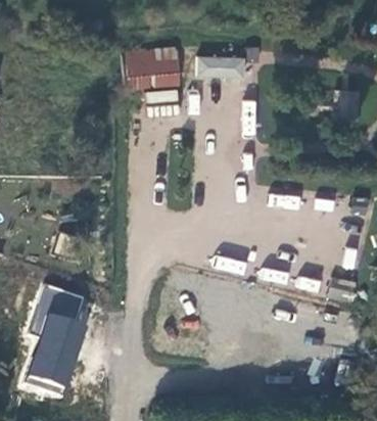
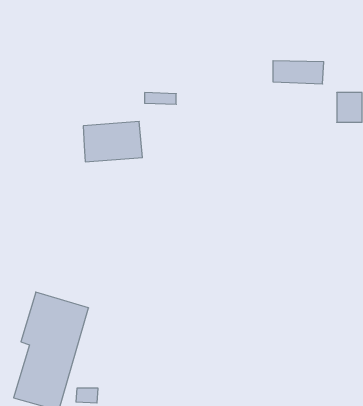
building: [122,49,179,88] -> [83,122,142,162]
building: [196,55,245,78] -> [273,61,324,84]

